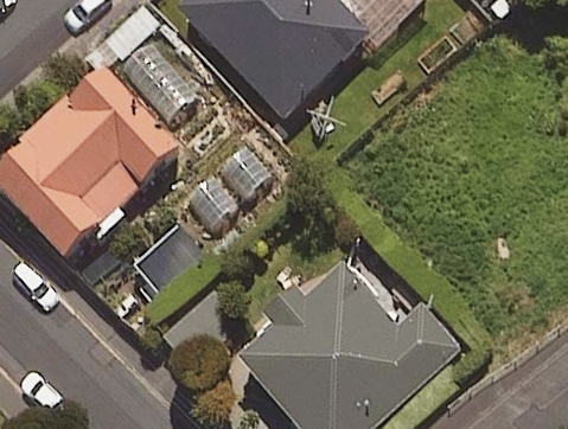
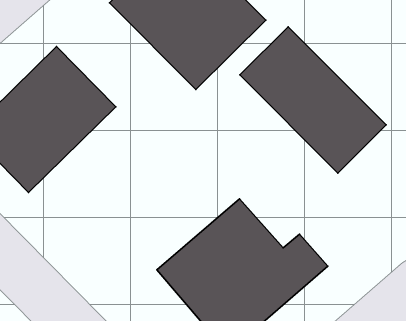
building: none -> [240,27,386,173]

